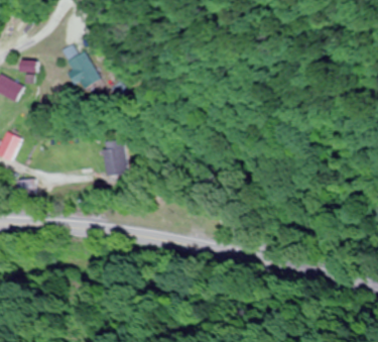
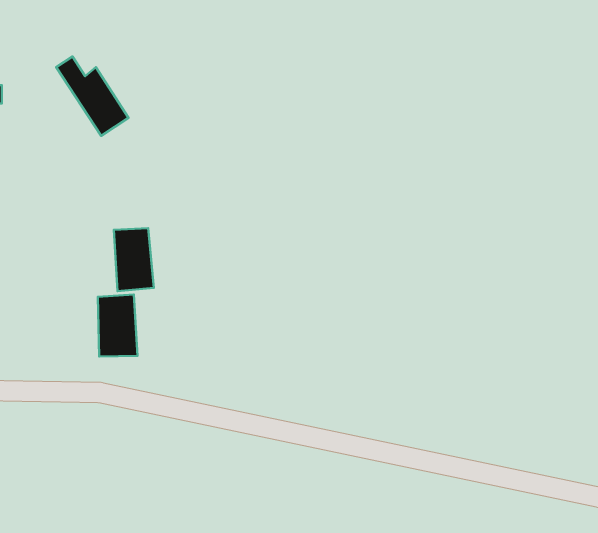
building: none -> [98,295,138,357]

